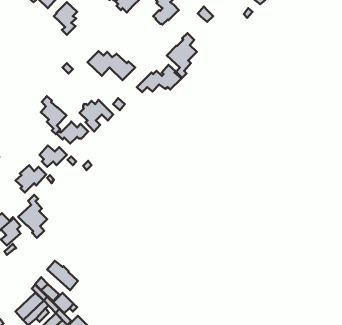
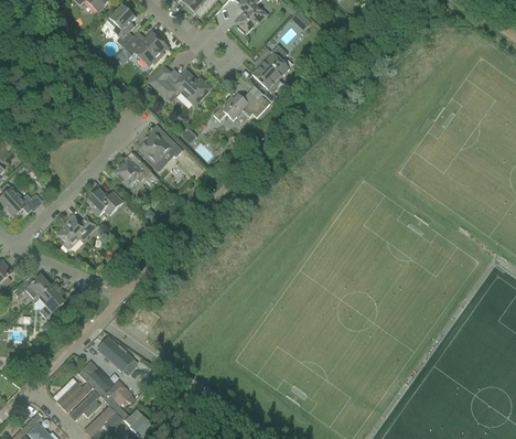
building: none -> [121,31,164,64]
building: [41,96,66,134] -> none
building: [18,195,47,238] -> none

